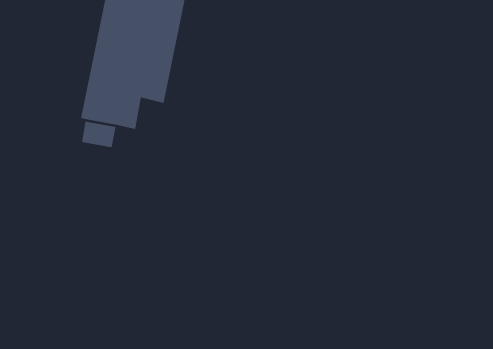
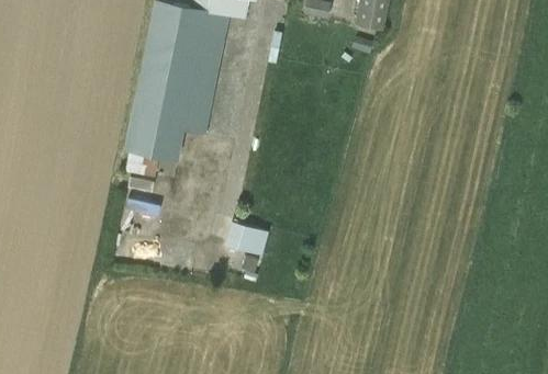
building: none -> [220,219,267,256]

